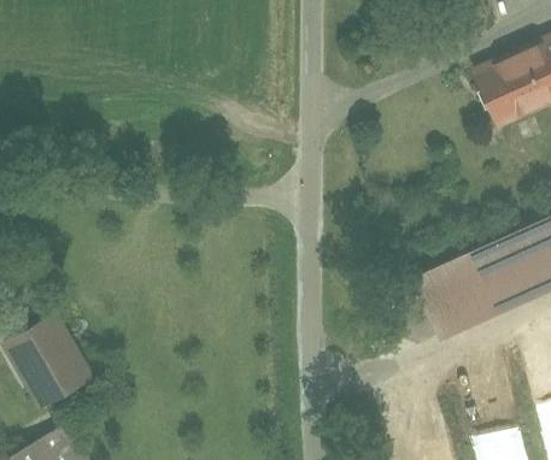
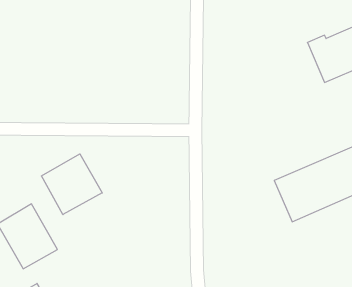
building: none -> [41,154,102,215]

